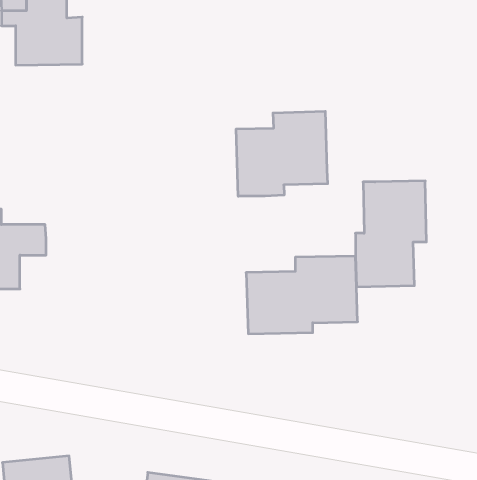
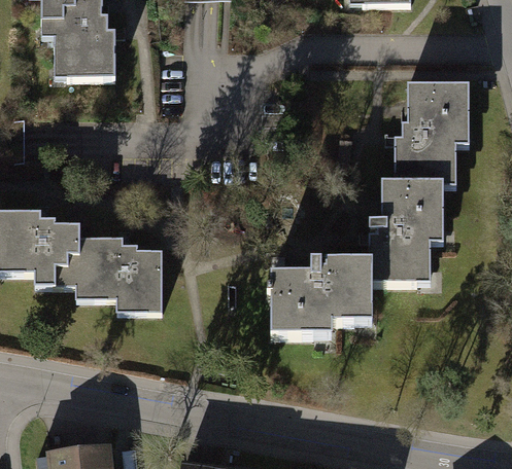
building: none -> [392,86,468,186]
building: [236,111,328,196] -> none
building: none -> [59,239,163,316]

